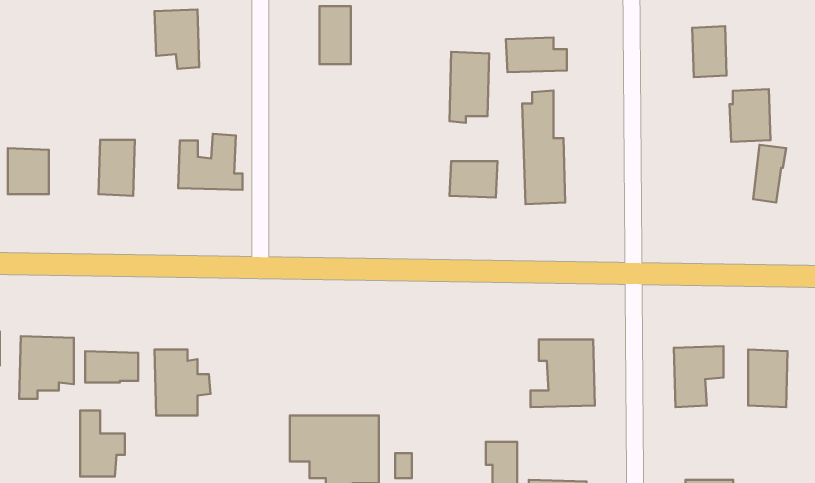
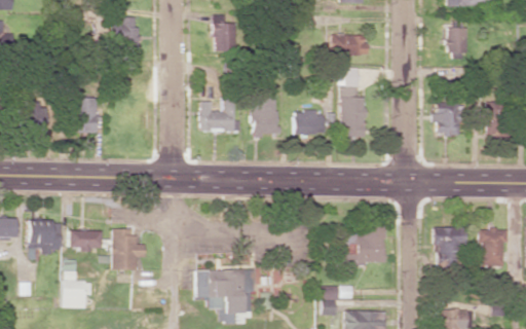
building: [449,52,489,123] -> [254,94,278,138]
building: [729,89,771,142] -> [437,103,462,136]
building: [178,134,242,190] -> [200,97,240,132]

